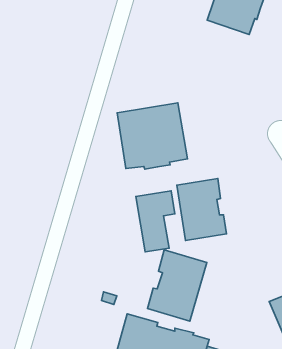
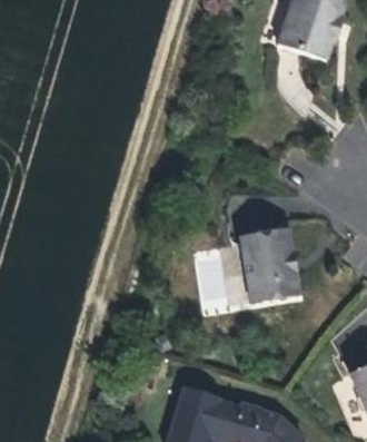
building: [117,103,188,169] -> none
building: [147,250,207,321] -> none

